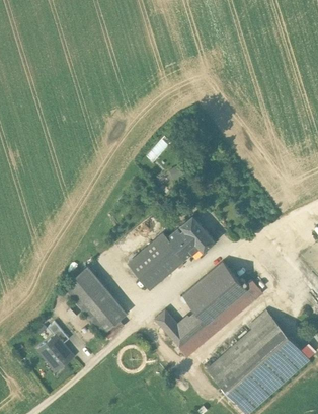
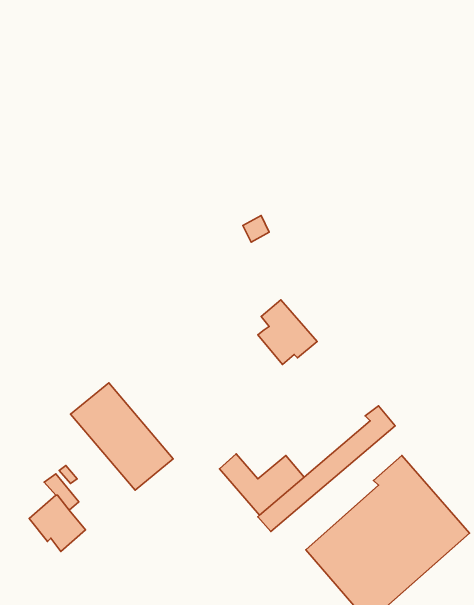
building: [128,229,192,288] -> none
building: [181,262,246,325] -> none

